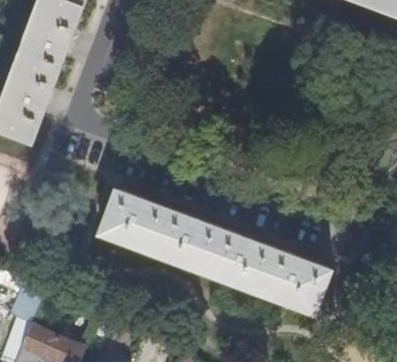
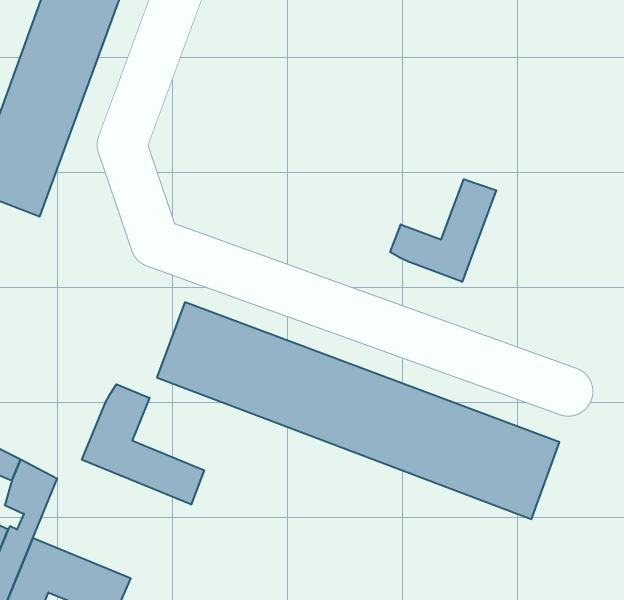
building: none -> [390,179,496,282]
building: none -> [82,384,204,505]

